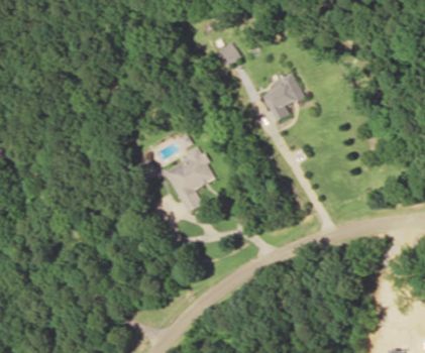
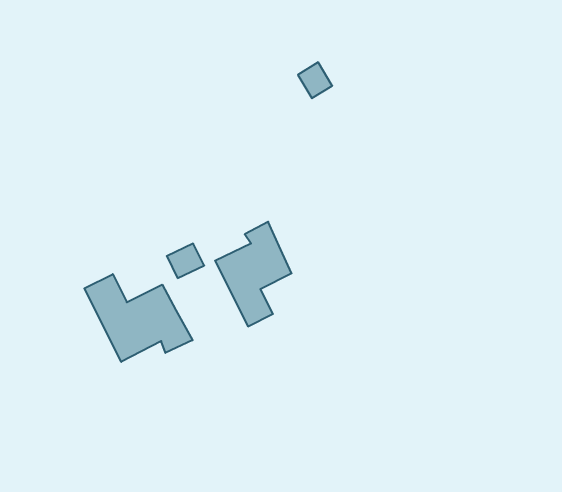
building: [262,72,305,121] -> none
building: none -> [84,274,193,362]

